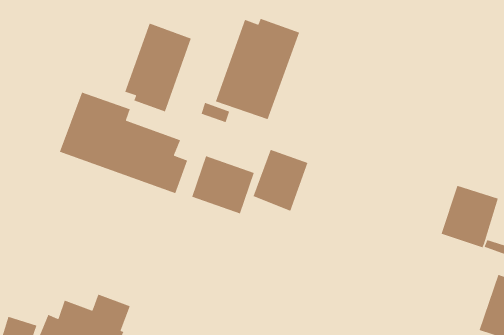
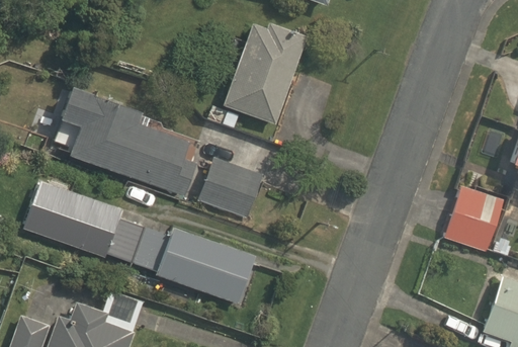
building: [124,22,192,112] -> none
building: [253,149,308,212] -> none
building: none -> [21,180,257,305]

